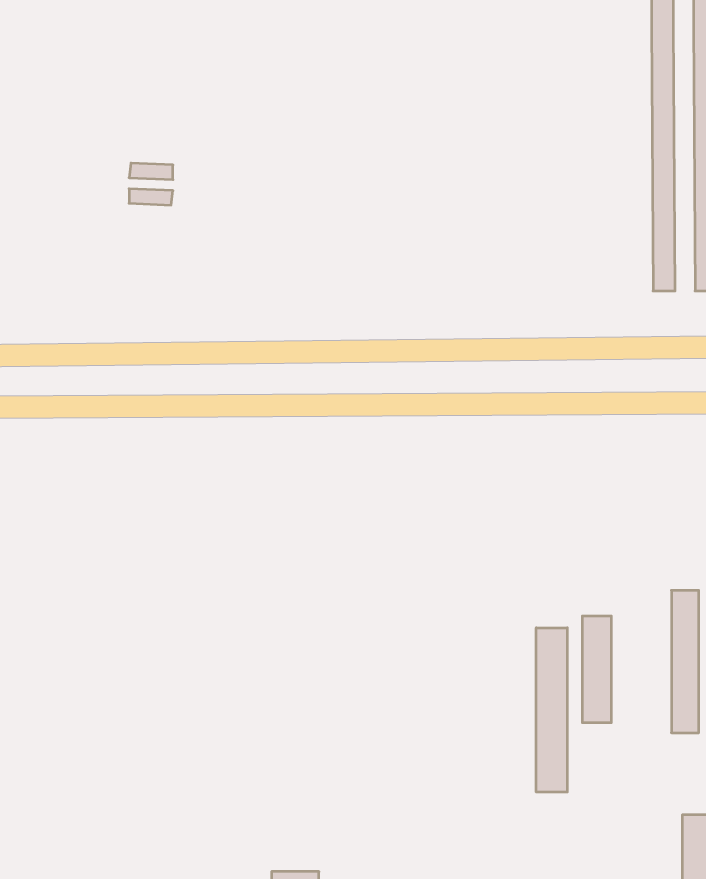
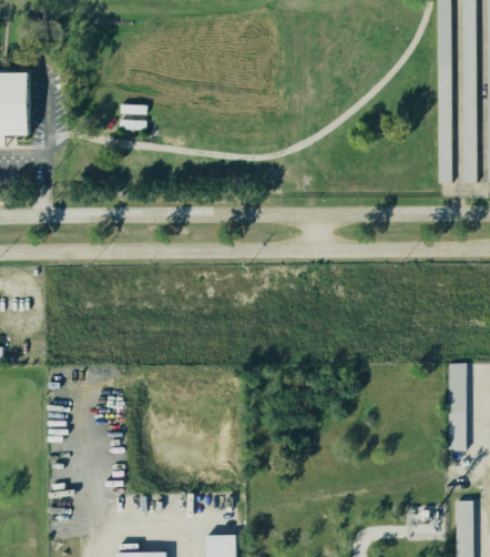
building: [582,616,611,723] -> none
building: [536,628,567,792] -> none

